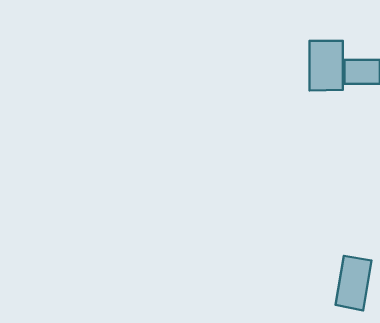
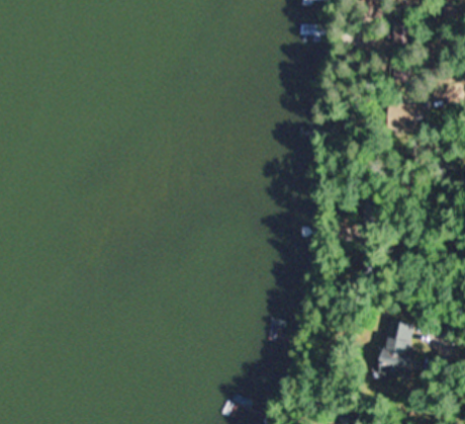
building: [309,41,343,91] -> none

